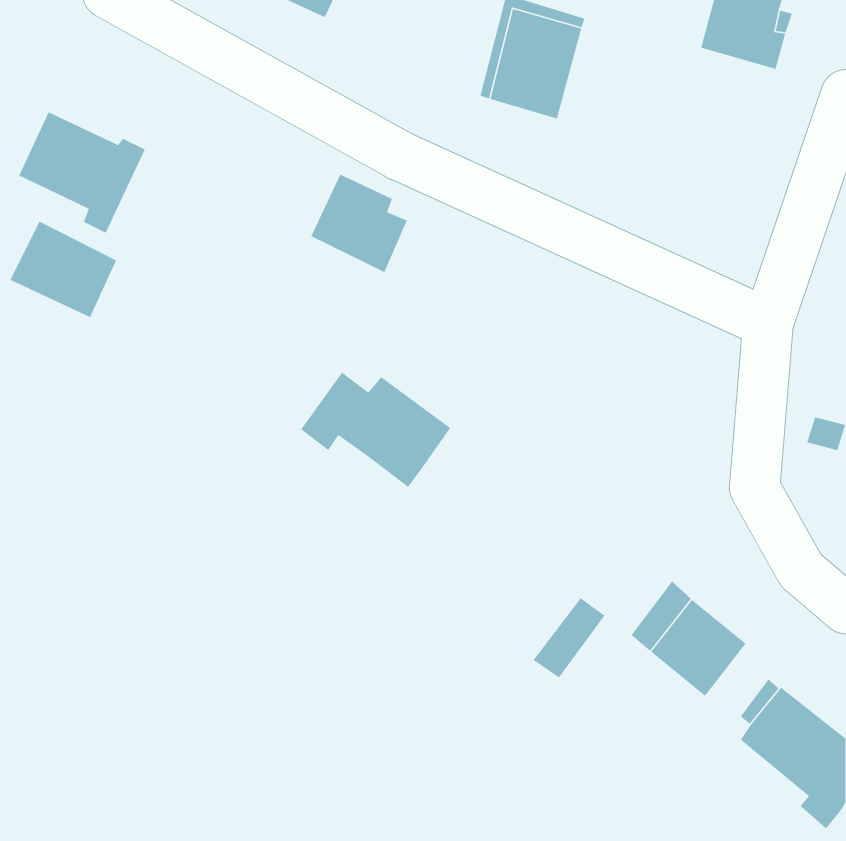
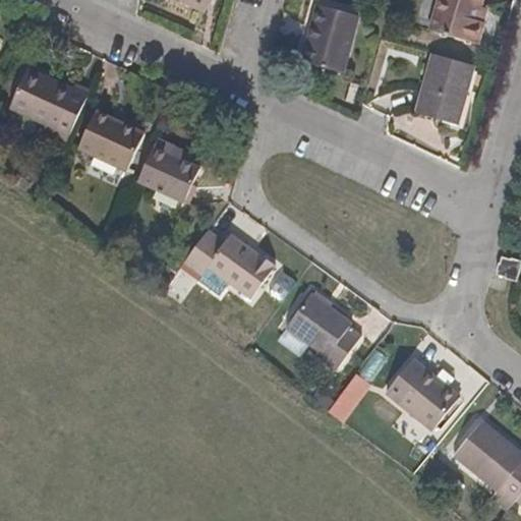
building: none -> [416,52,473,123]
building: [310,174,408,273] -> [137,141,197,202]
building: [9,220,117,318] -> [77,112,143,172]
building: none -> [285,290,360,369]

